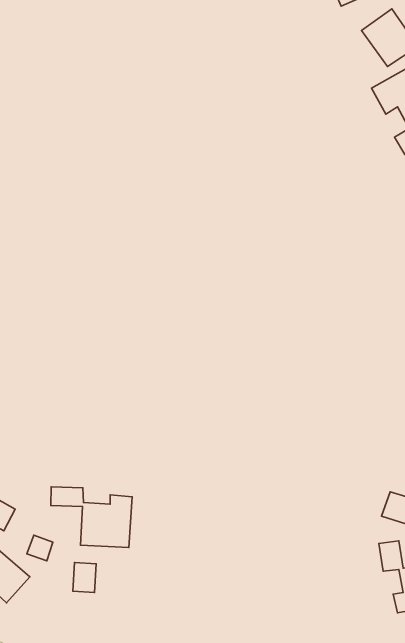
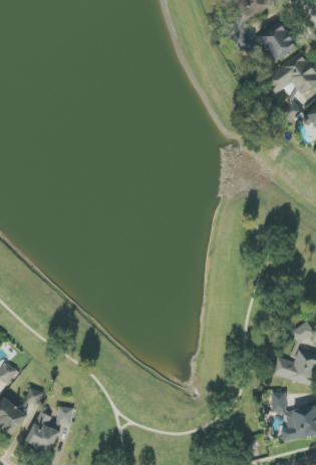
building: [51,487,132,548] -> none
building: none -> [26,411,60,452]

